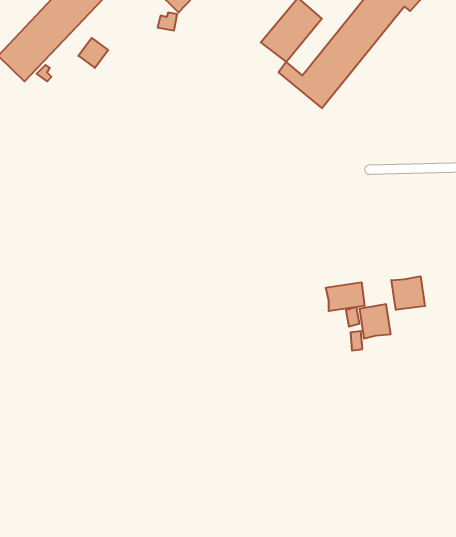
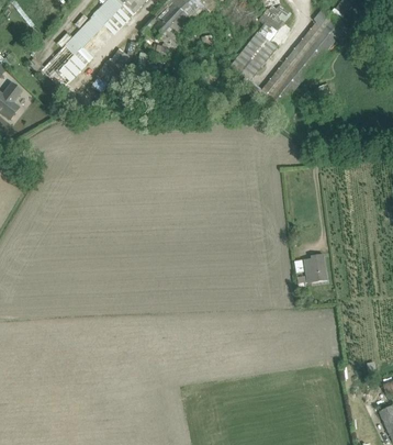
building: [391,276,425,310] -> none
building: [326,282,365,311] -> none

